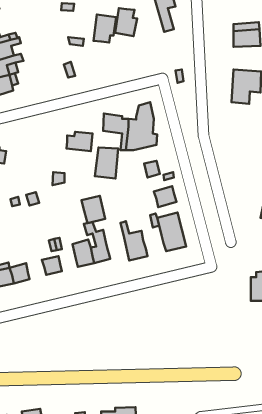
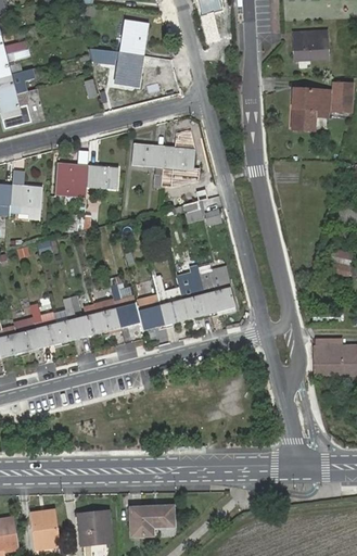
building: [115,8,137,36] -> [115,52,142,87]
building: none -> [54,162,87,198]
building: [95,147,118,179] -> none
building: none -> [9,186,42,219]
building: [154,186,177,207] -> [181,293,209,319]
building: [82,196,105,223] -> [135,296,164,330]
building: none -> [29,304,61,348]
building: none -> [76,304,100,338]

